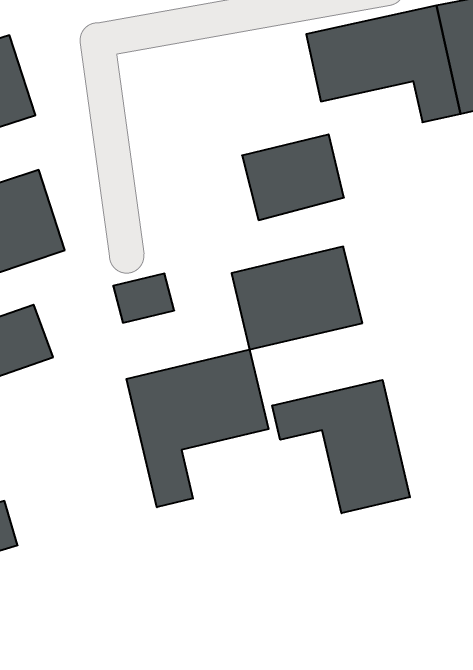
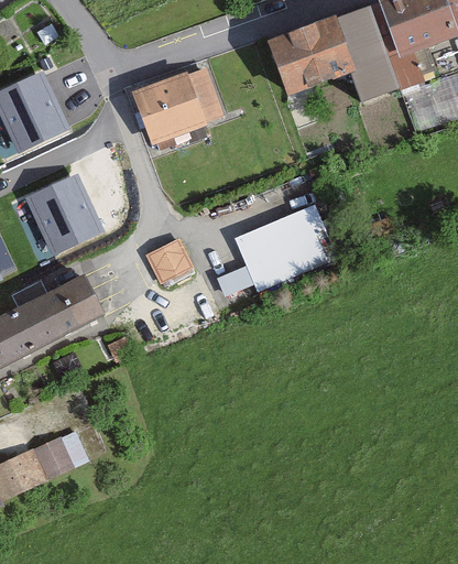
building: [242,134,344,220] -> [139,68,221,141]
building: [126,349,269,507] -> none
building: [272,380,410,513] -> none

